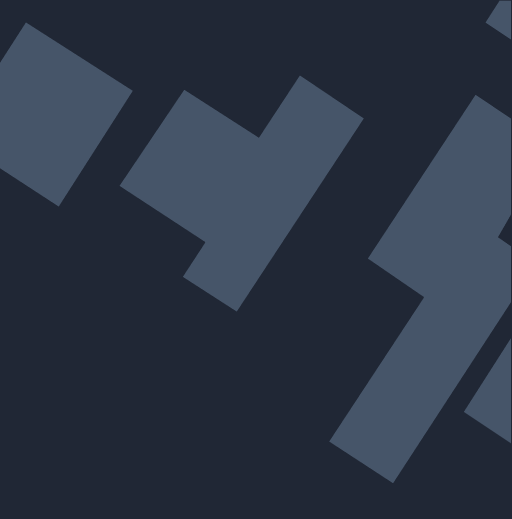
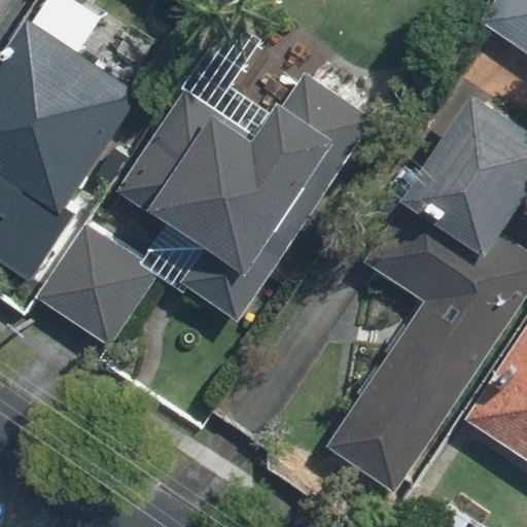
building: none -> [37,226,152,343]

